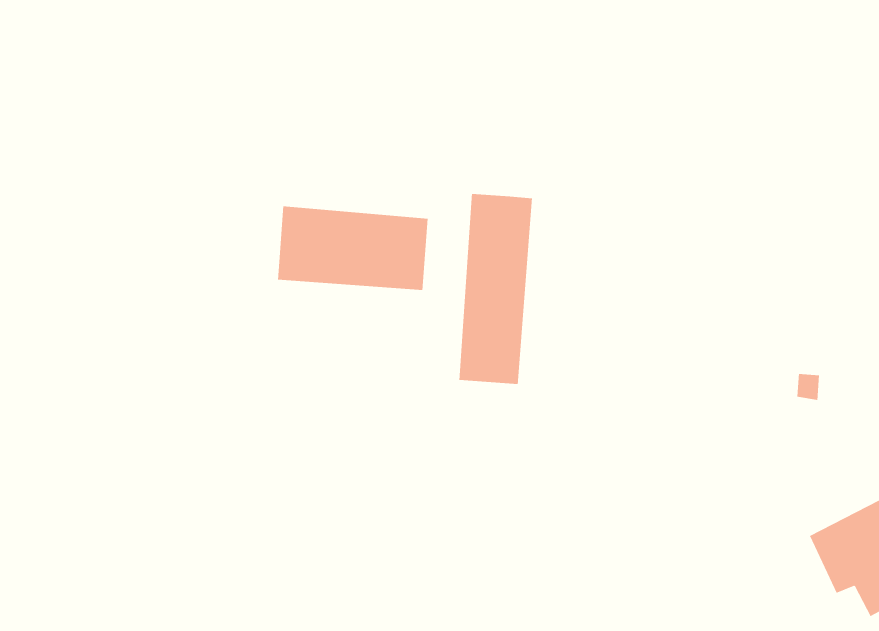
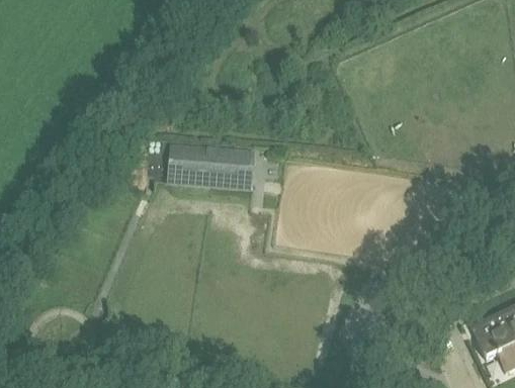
building: [459,193,532,385] -> none

